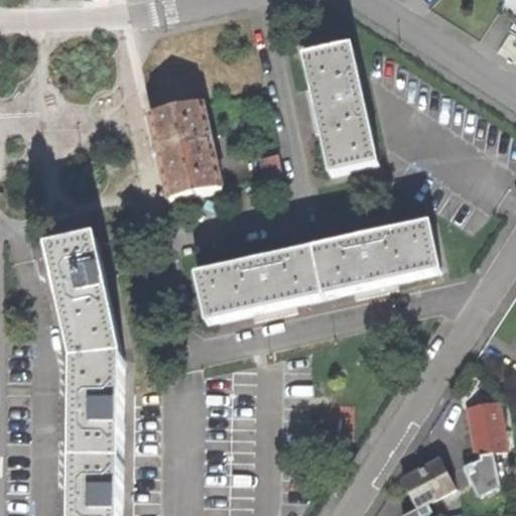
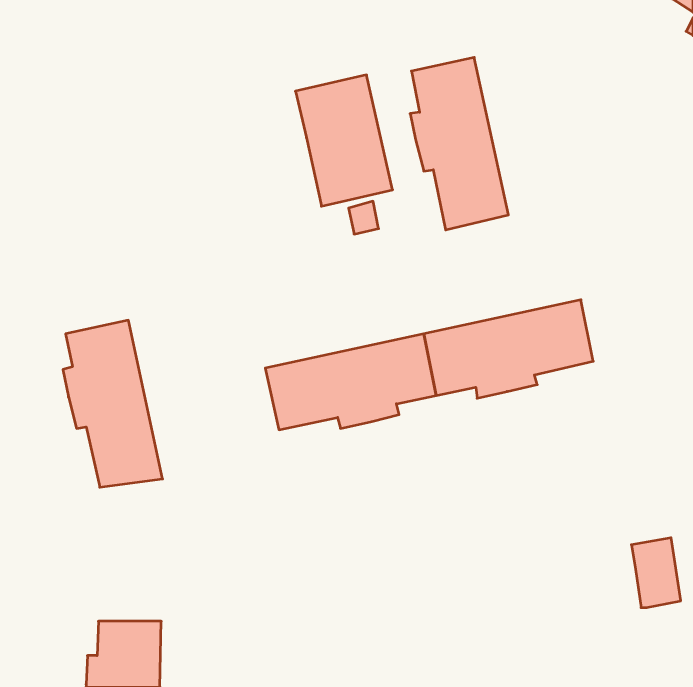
building: [146,98,218,195] -> [295,75,393,206]
building: [64,353,120,458] -> none
building: [461,444,496,490] -> none
building: [400,455,452,500] -> none

